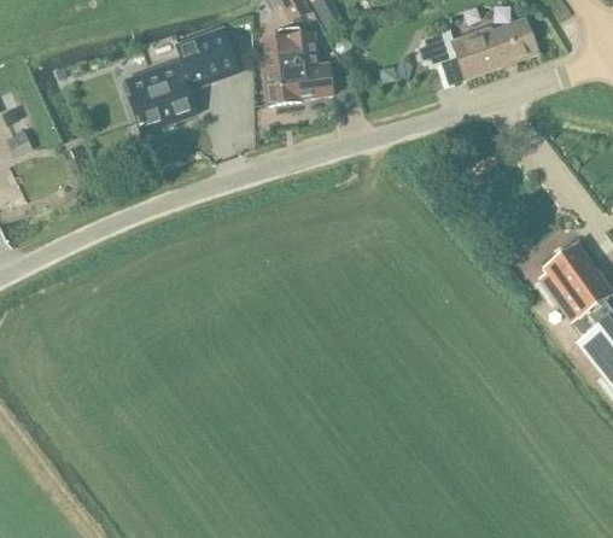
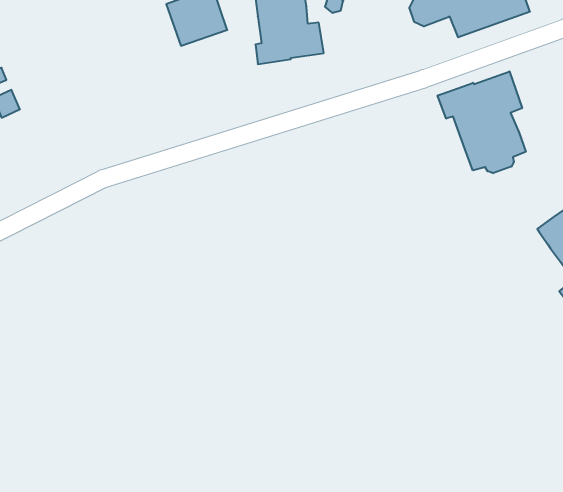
building: [129,76,195,131] -> none
building: none -> [438,71,526,173]

